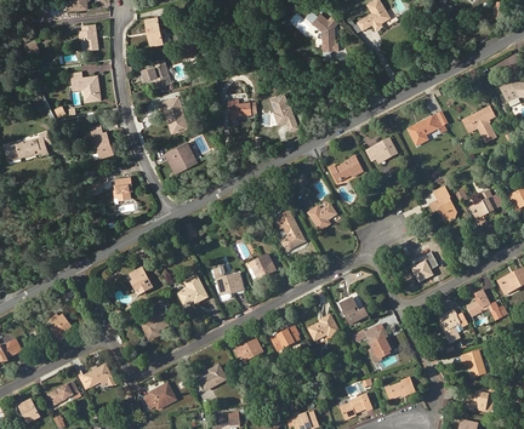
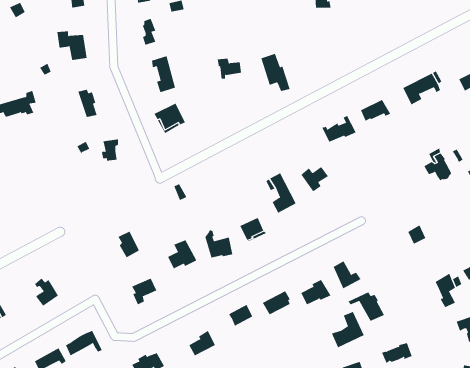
building: none -> [331,311,364,348]

